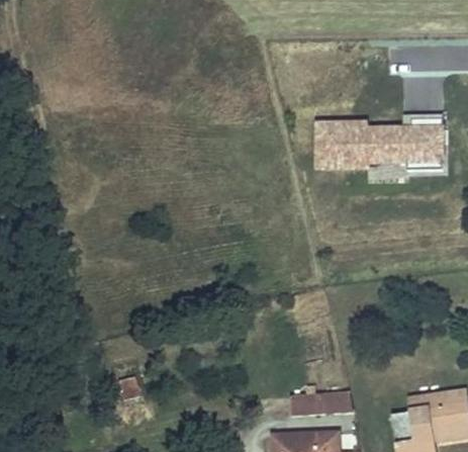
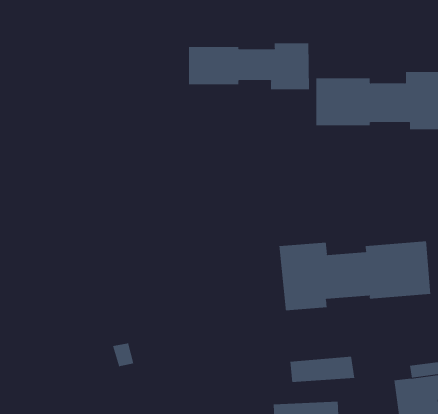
building: none -> [188,43,310,90]
building: none -> [279,240,431,311]

